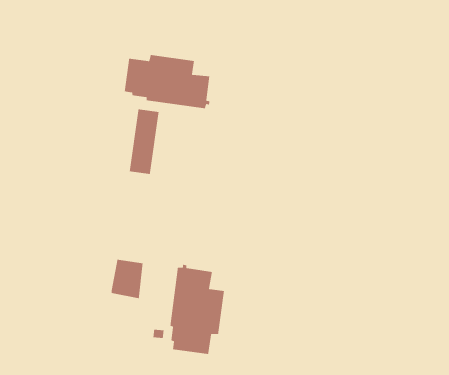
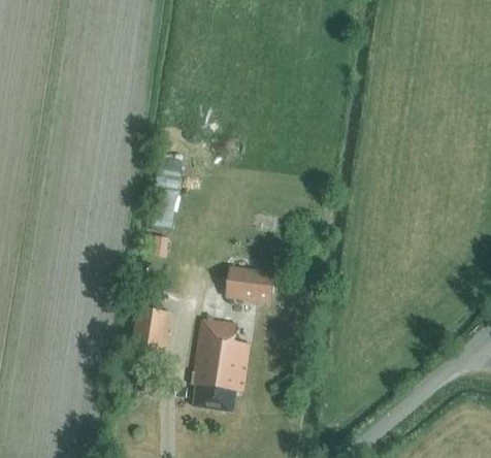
building: [124,54,210,109] -> none
building: none -> [226,266,275,302]

